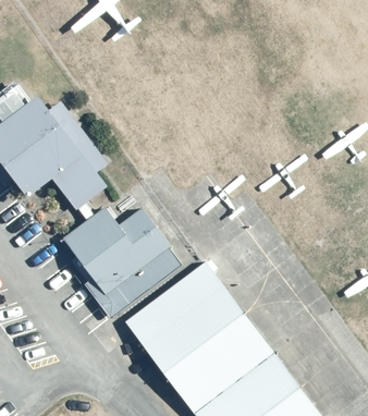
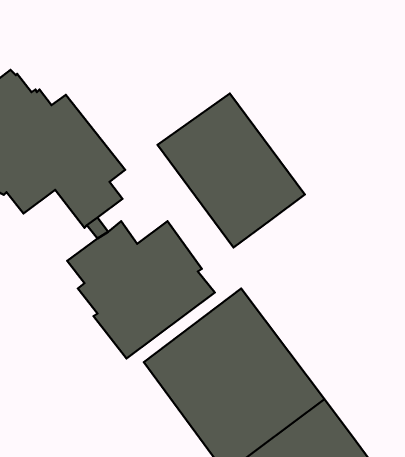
building: none -> [158,94,305,247]

